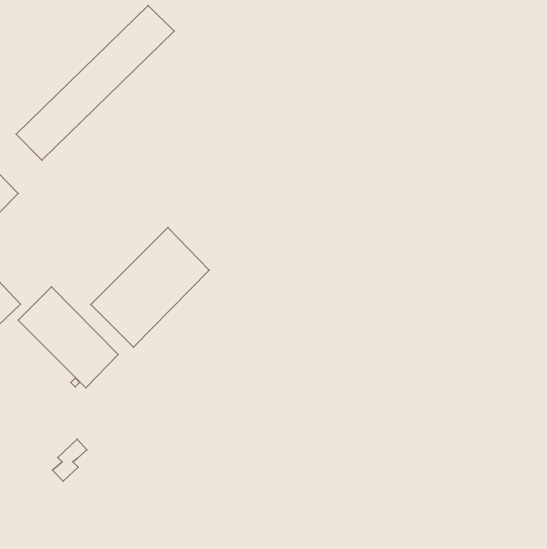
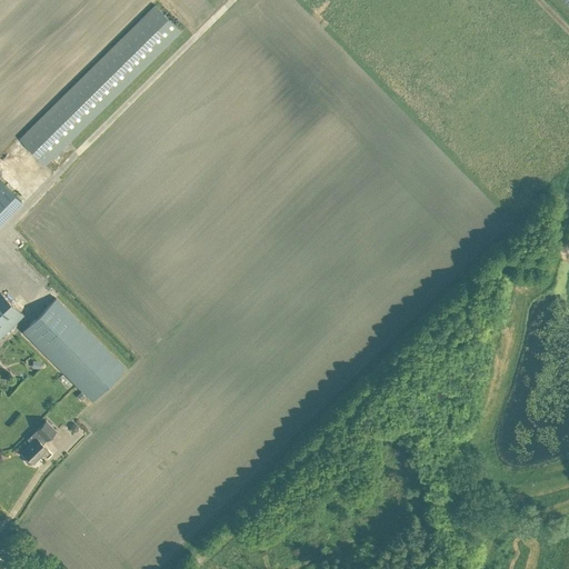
building: [91,227,209,347] -> none
building: [53,439,87,481] -> [18,420,53,463]

